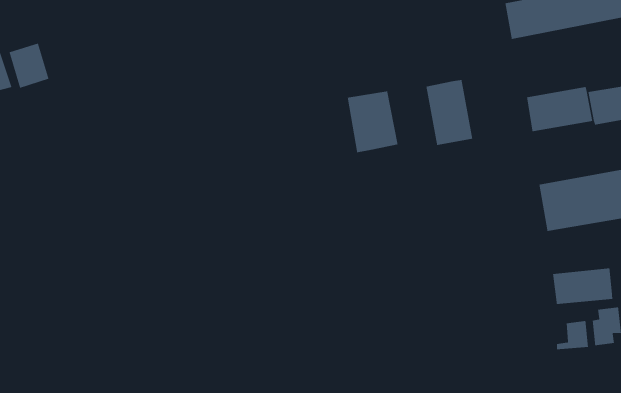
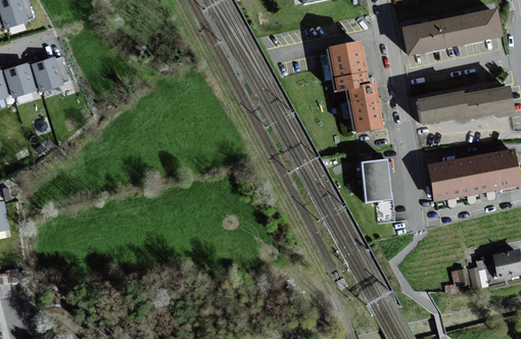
building: [347,90,399,153] -> [327,44,366,91]
building: none -> [359,159,388,196]
building: [552,268,613,305] -> none

